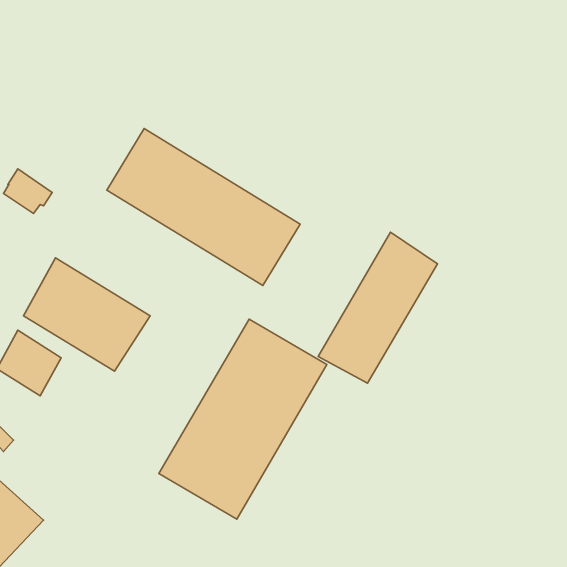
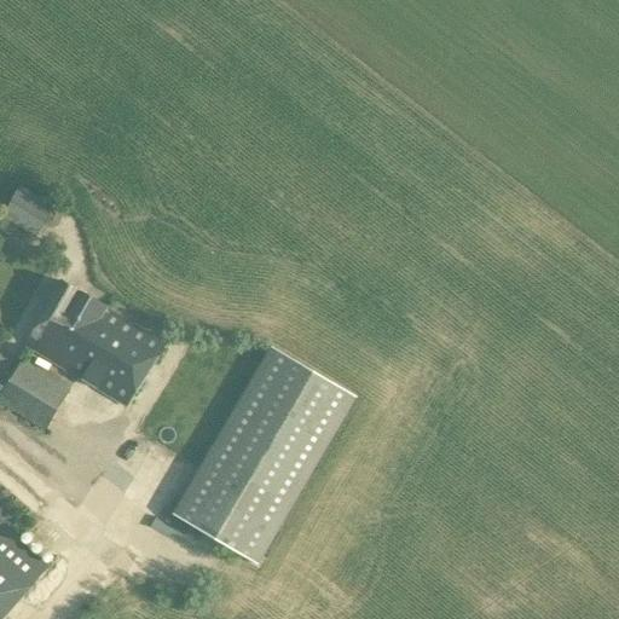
building: [107,129,300,286] -> none
building: [318,232,437,383] -> none

